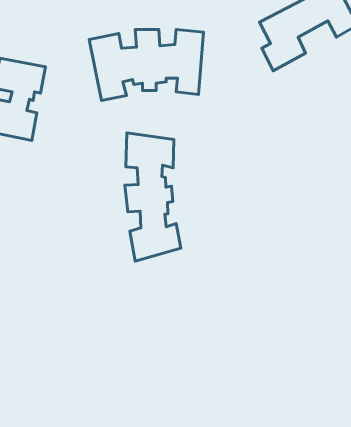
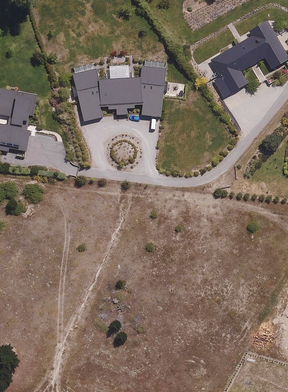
building: [125,133,181,261] -> none

